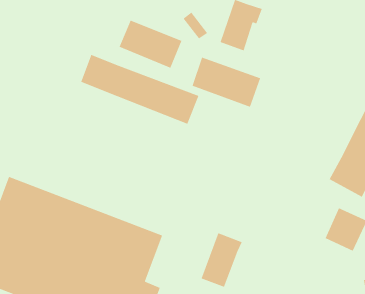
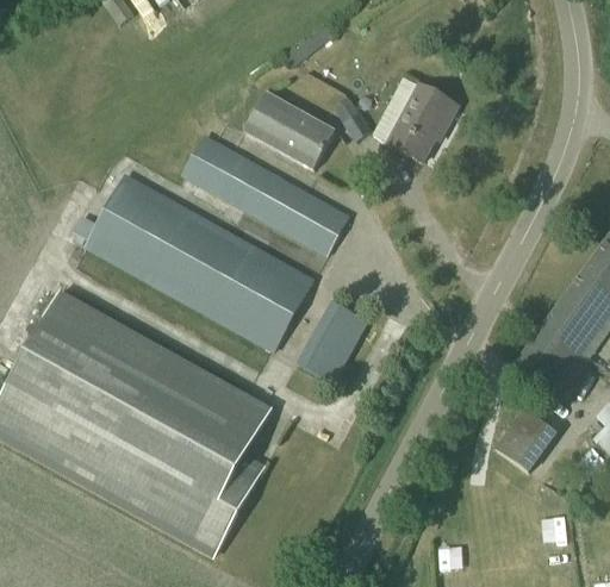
building: [192,57,261,108] -> none
building: none -> [85,175,311,350]
building: [201,232,243,288] -> [298,301,366,382]

